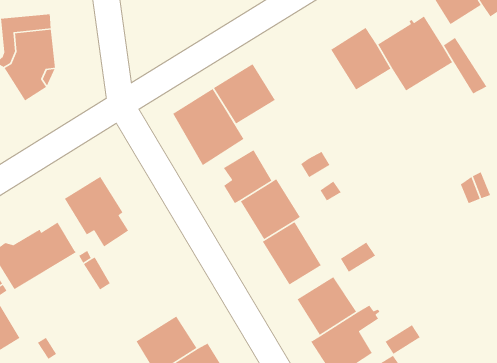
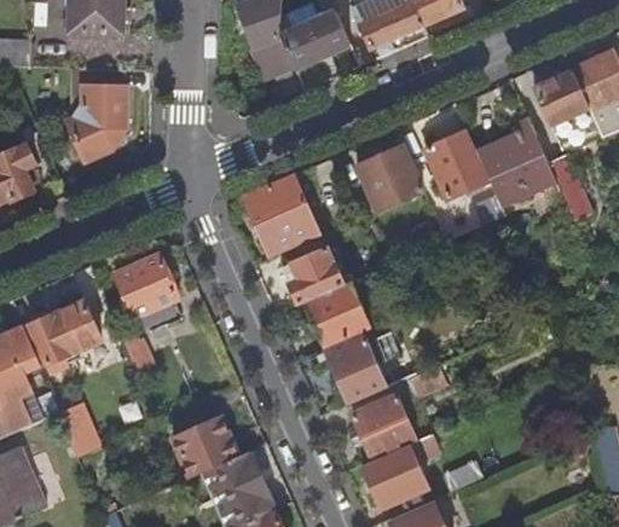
building: [213,63,276,125] -> [357,146,423,210]

